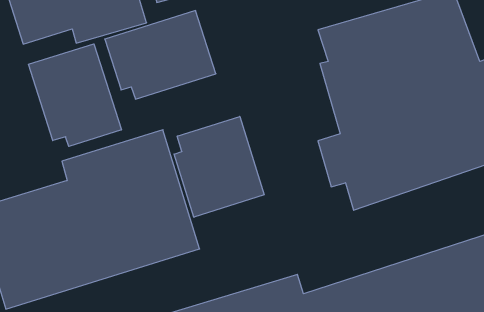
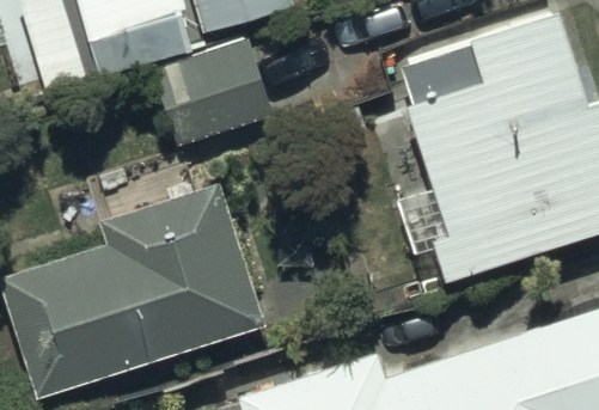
building: [29,44,121,146] -> none
building: [174,116,264,217] -> none

